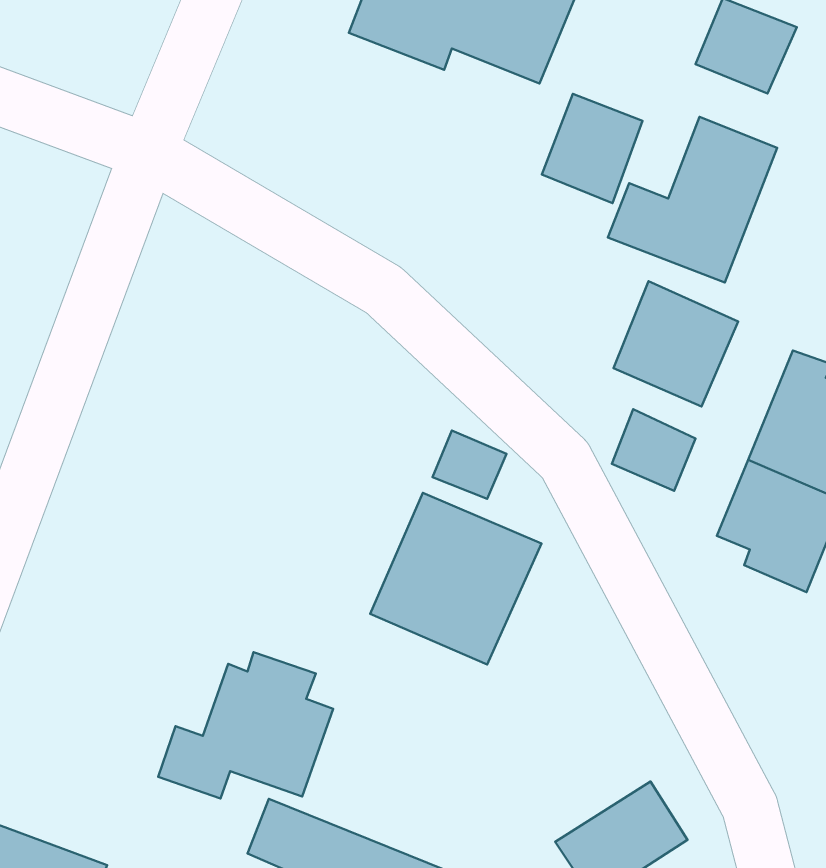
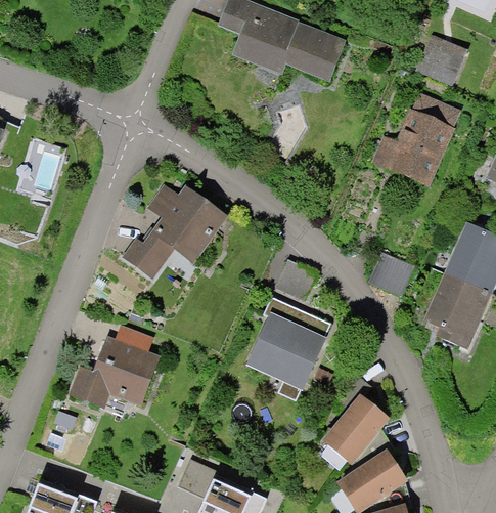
building: [542,94,643,203] -> none
building: none -> [119,182,226,280]
building: [614,281,738,407] -> none
building: [158,652,333,798] -> [67,327,160,403]
building: none -> [323,393,392,464]

